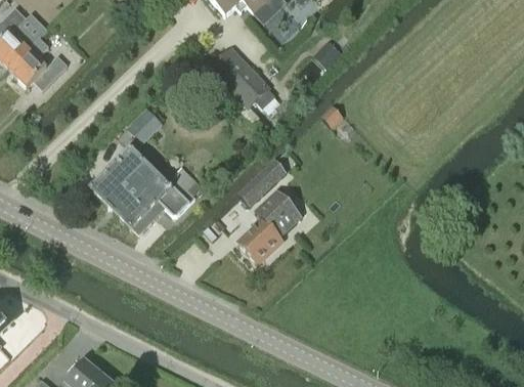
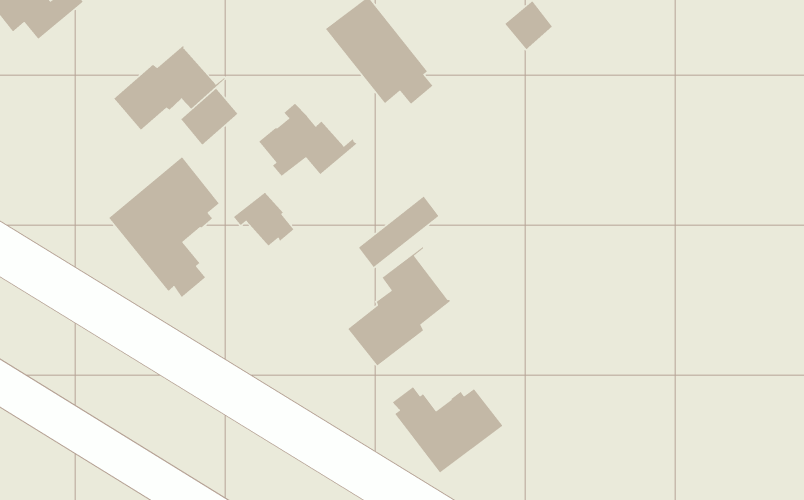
building: none -> [113,45,226,131]
building: [137,175,195,219] -> [258,103,358,177]
building: none -> [392,386,503,473]

